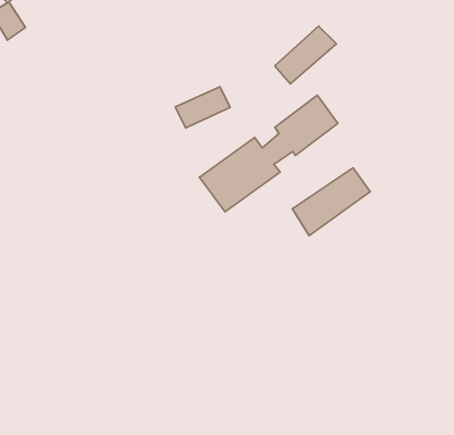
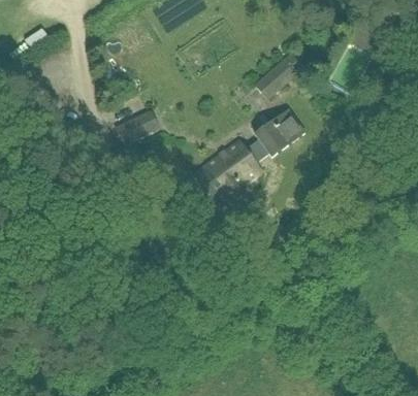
building: [175,87,230,128] -> [115,110,159,143]
building: [293,168,370,236] -> none

